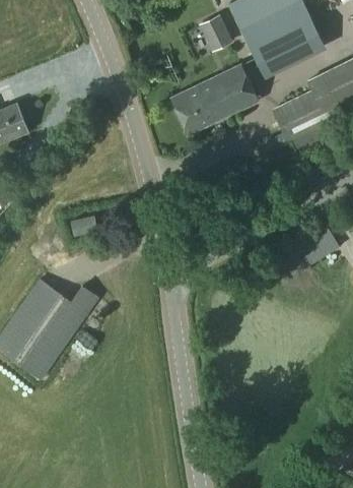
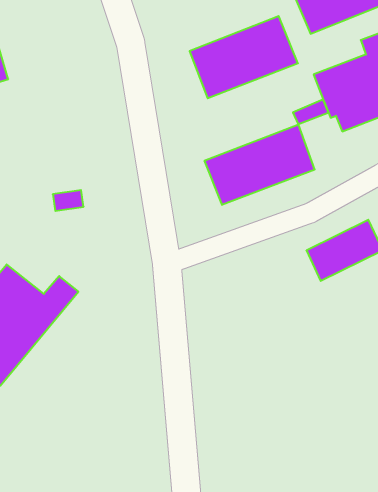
building: none -> [205,124,315,205]

